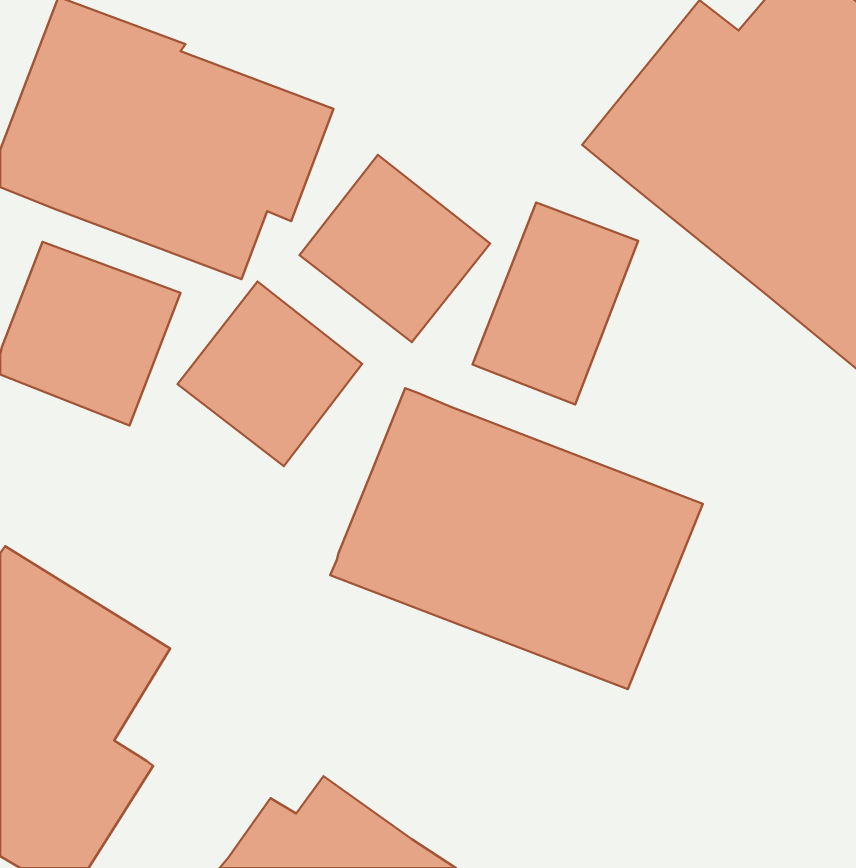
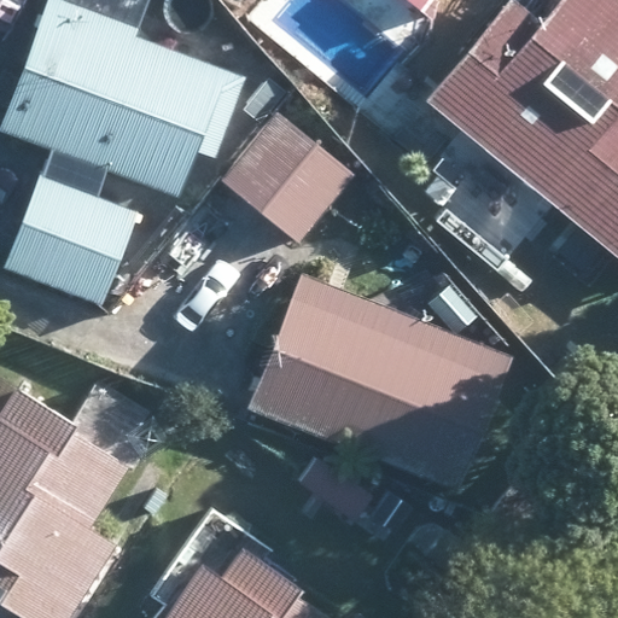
building: [473,203,638,405] -> none
building: [177,281,362,466] -> none

